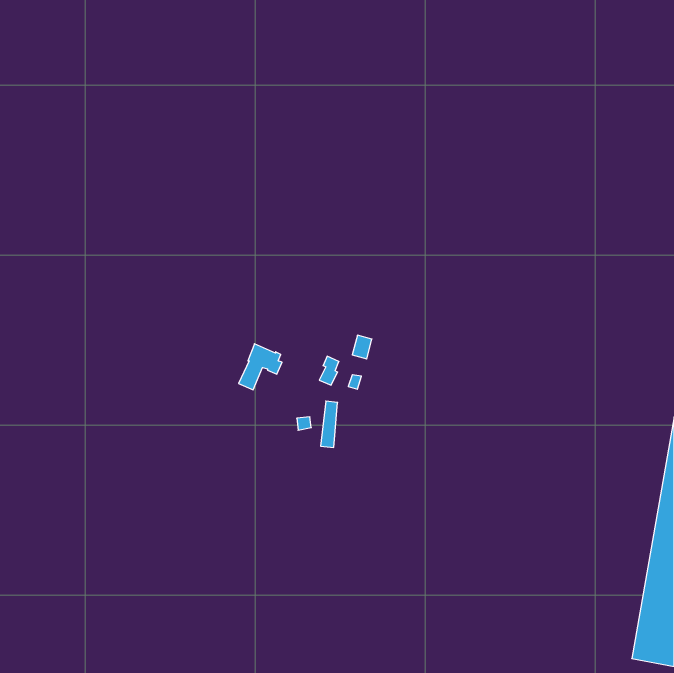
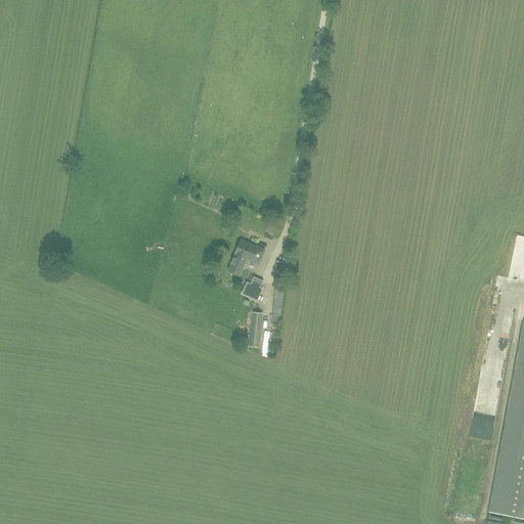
building: [239,344,282,390] -> [228,239,262,275]

